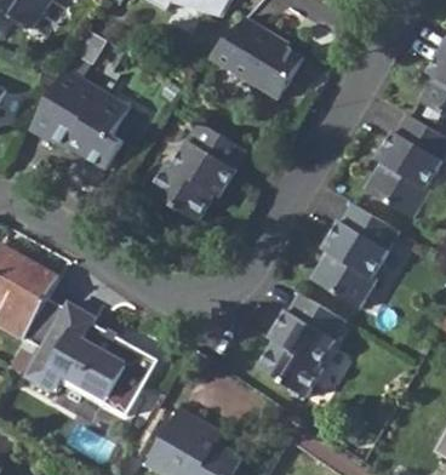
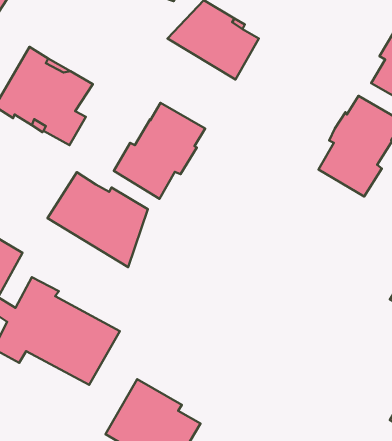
building: none -> [48,172,148,267]
building: [310,205,398,309] -> none
building: [257,293,343,397] -> none

